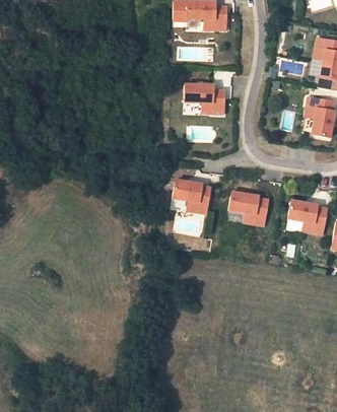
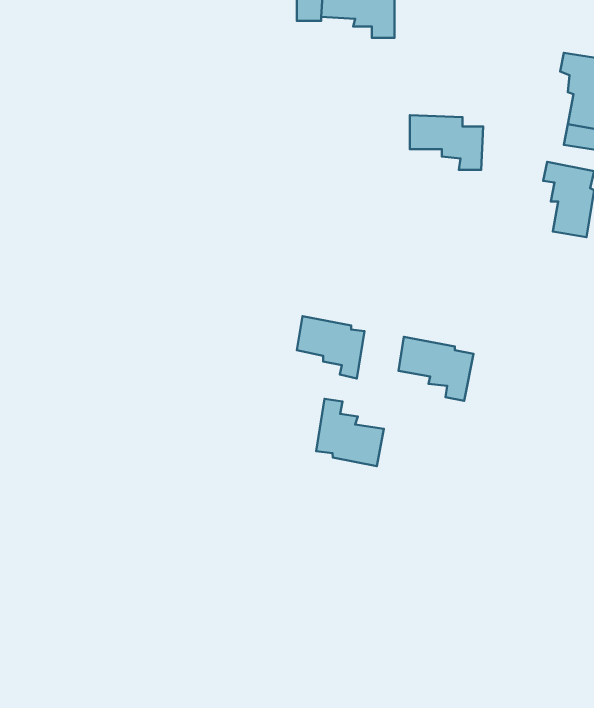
building: [185,84,224,114] -> [410,115,483,170]
building: [288,200,327,233] -> none
building: none -> [316,399,384,466]

